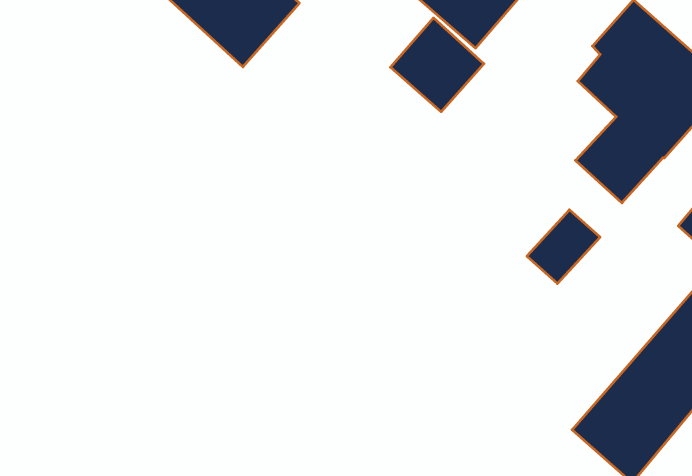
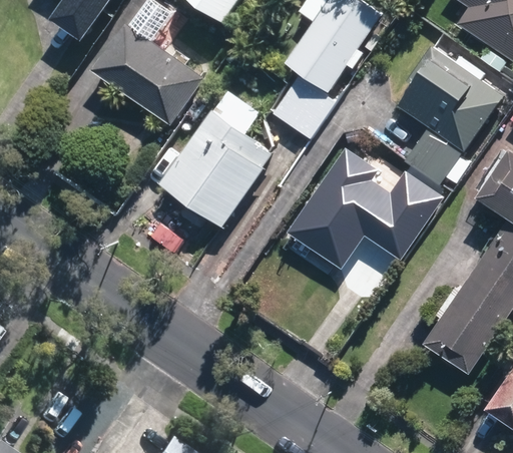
building: none -> [160,109,270,225]
building: none -> [287,147,393,258]

